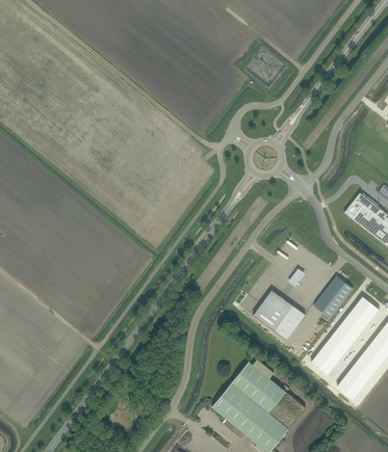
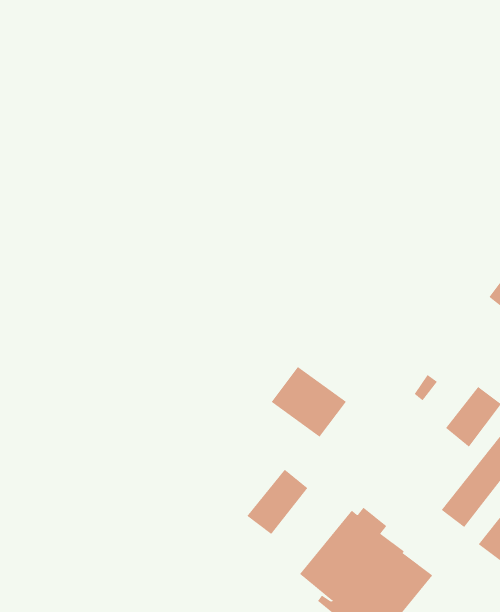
building: [253,290,306,340] -> [271,366,347,438]
building: none -> [246,469,308,535]

